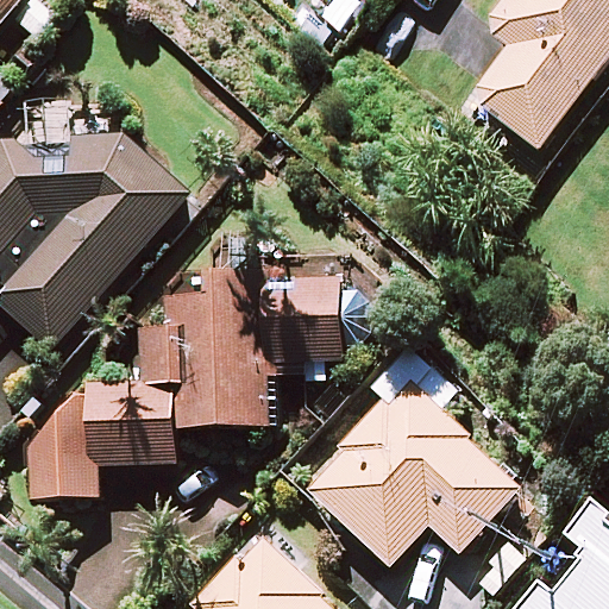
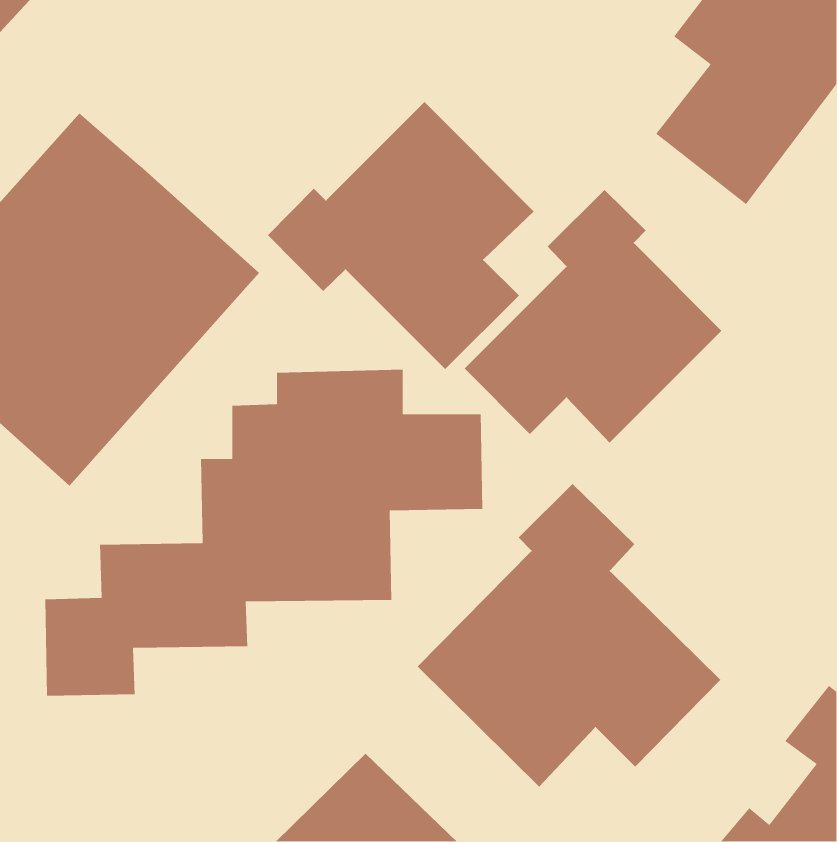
building: none -> [267,101,535,370]
building: none -> [464,189,722,443]

